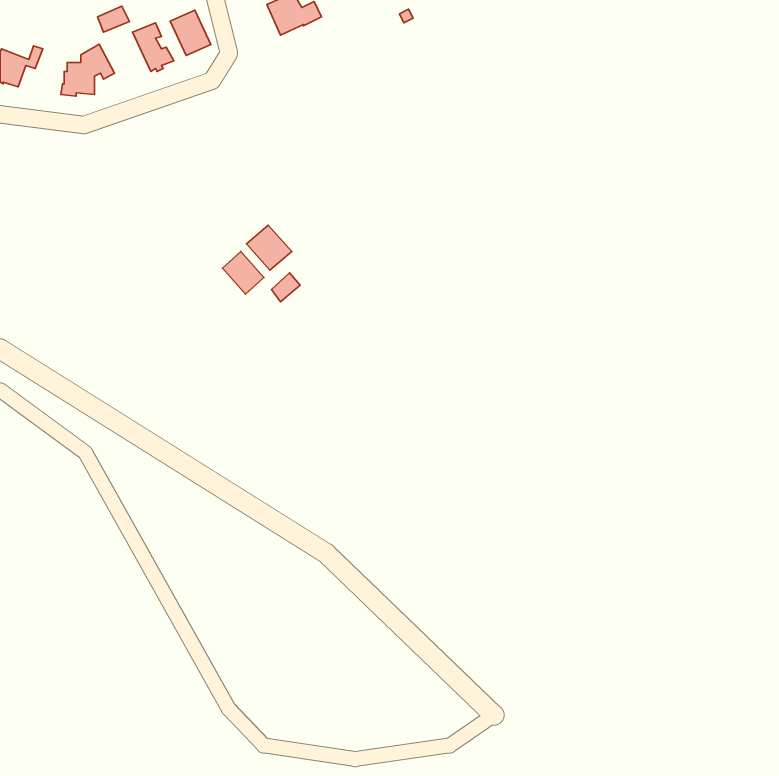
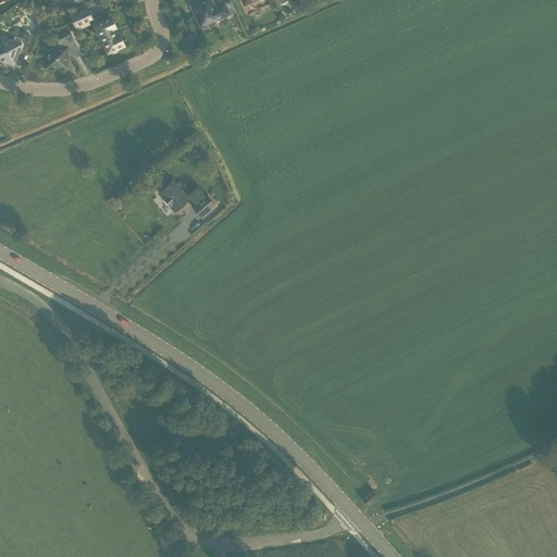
building: [170,10,211,55] -> none
building: [246,225,292,270] -> none

